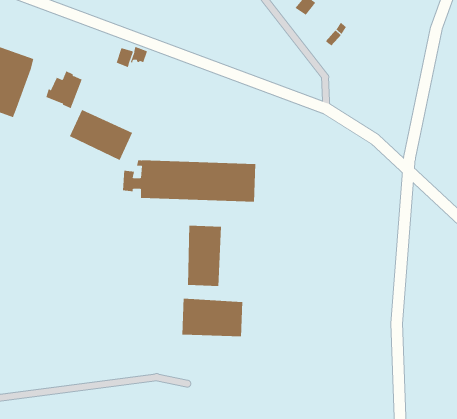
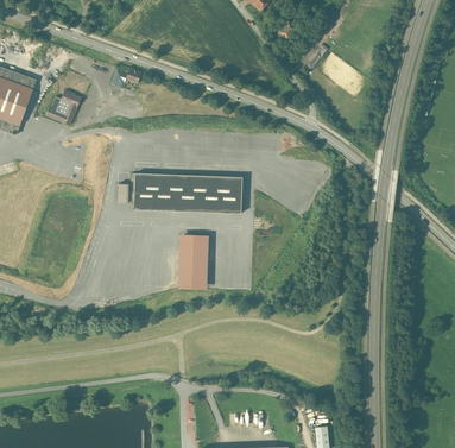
building: [69,109,133,161] -> none
building: [182,298,243,337] -> none

